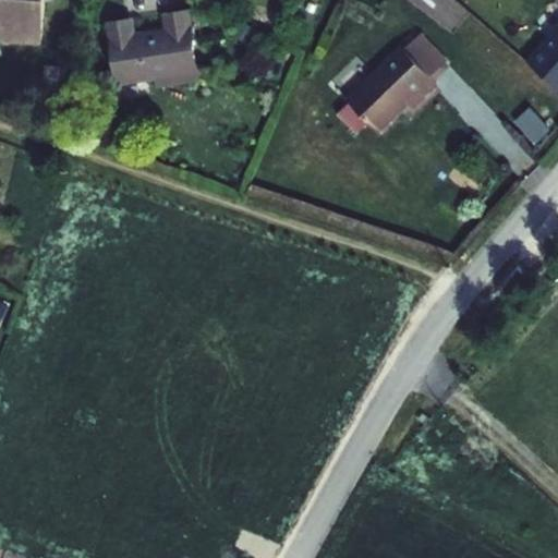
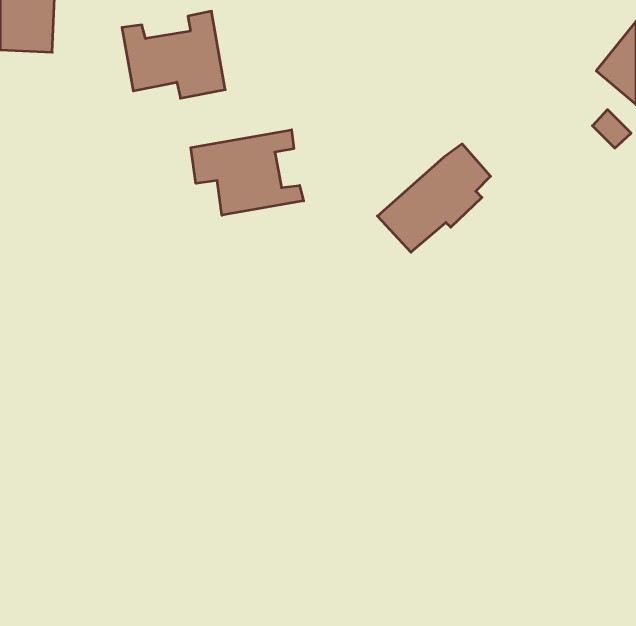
building: [344,36,444,131] -> [377,144,491,252]
building: none -> [191,130,304,215]

